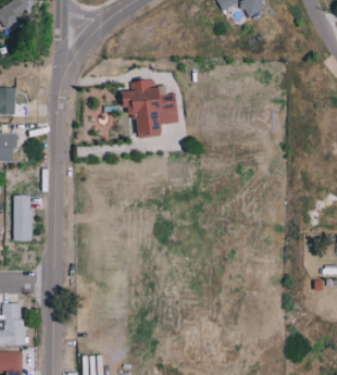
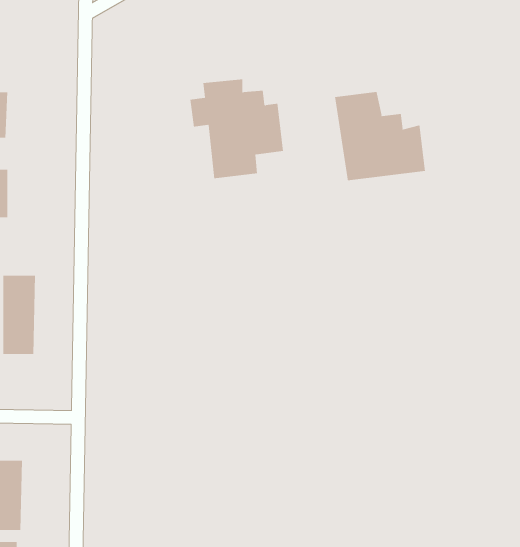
building: none -> [335,91,426,181]

